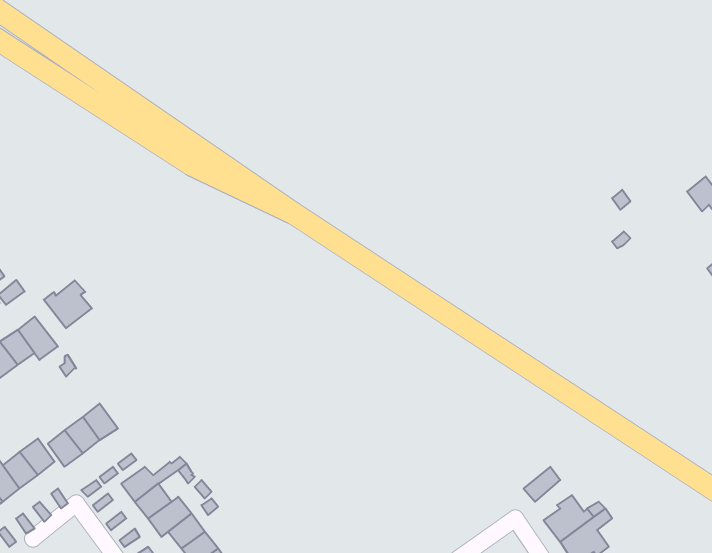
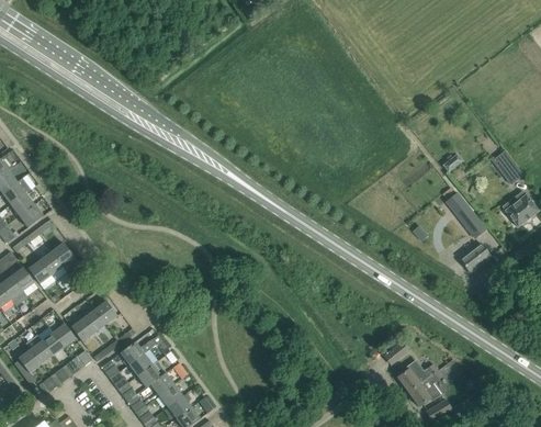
building: none -> [451,200,486,238]
building: [44,280,92,328] -> none
building: none -> [460,243,491,272]

